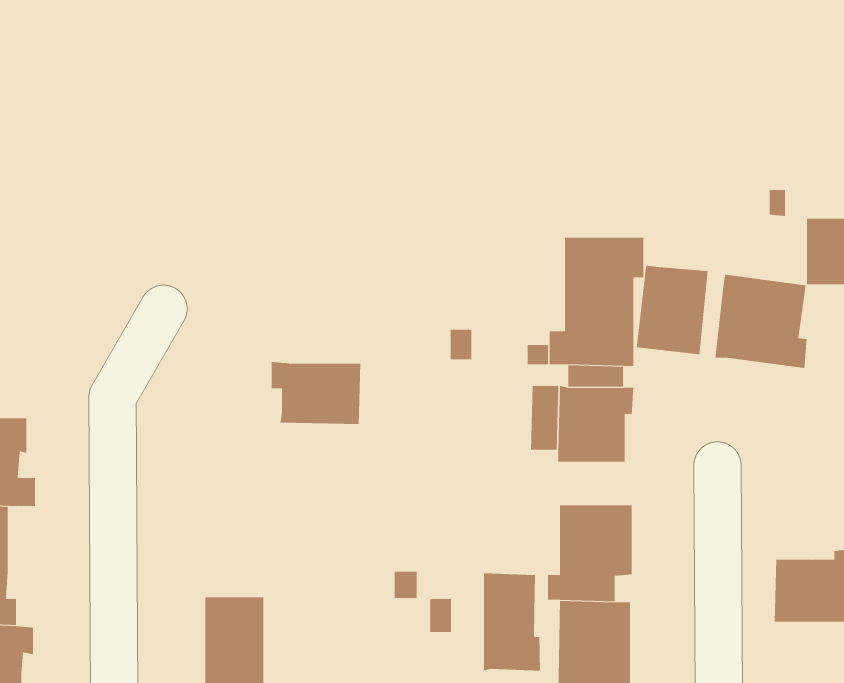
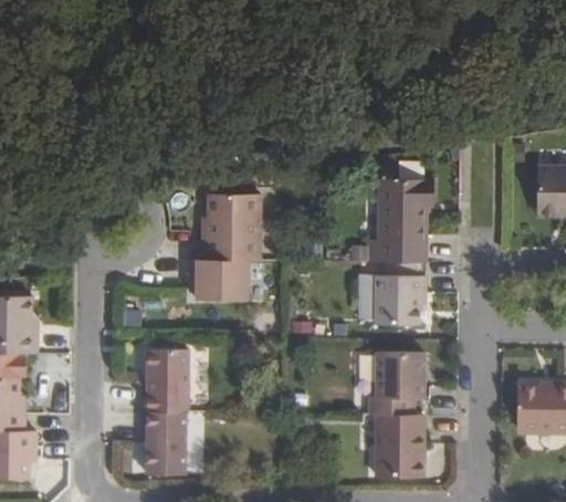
building: none -> [202,195,261,261]
building: [636,265,708,355] -> none
building: [715,274,807,369] -> none
building: none -> [147,349,189,412]
building: [483,572,541,672] -> none

